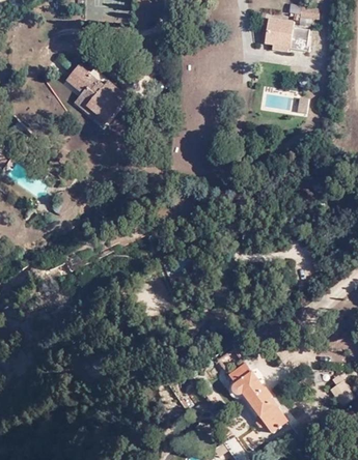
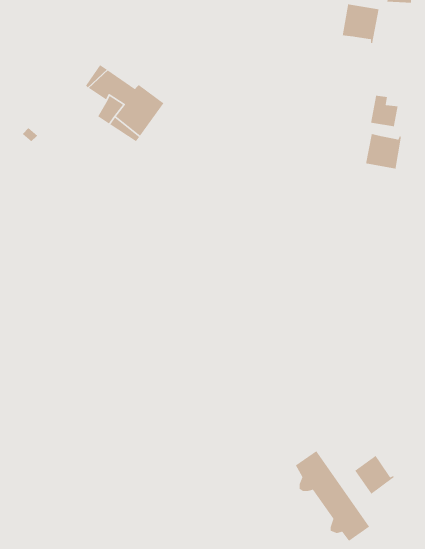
building: none -> [365,133,402,170]
building: none -> [354,455,395,495]

